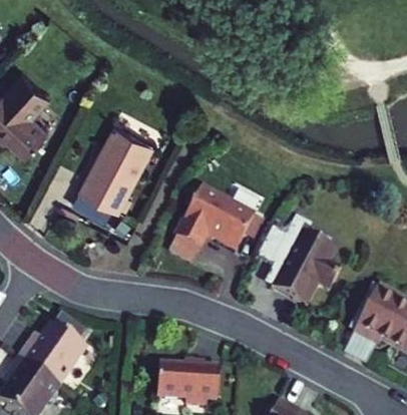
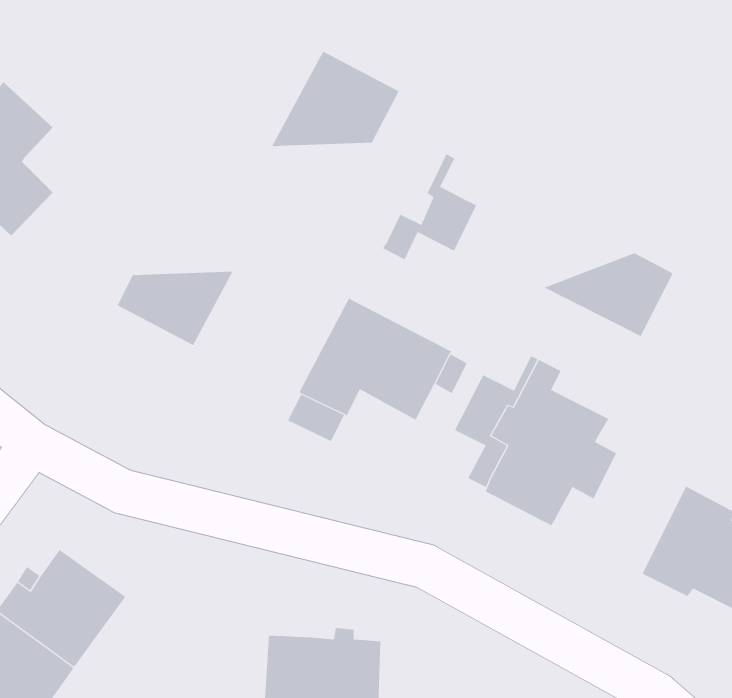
building: none -> [382,154,477,260]
building: [88,125,155,175] -> [271,51,399,147]
building: none -> [543,252,674,337]

